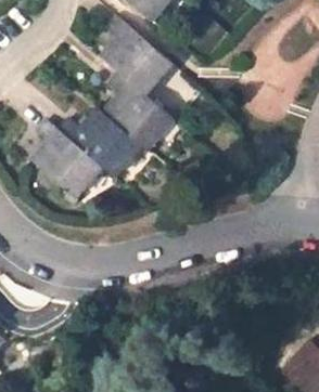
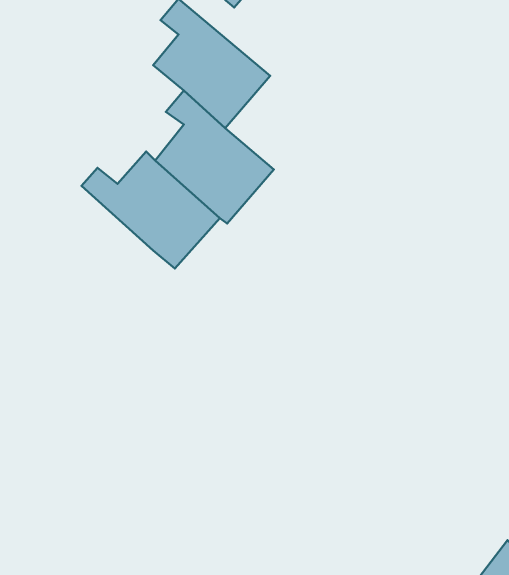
building: [30,120,101,199] -> none

